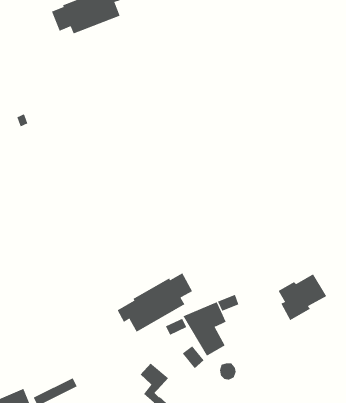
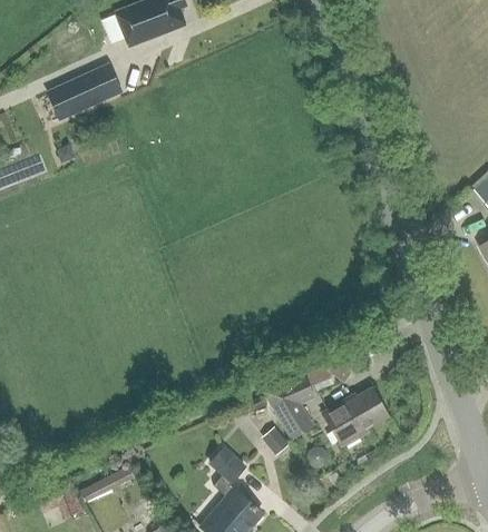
building: none -> [48,62,126,120]
building: [117,272,193,332] -> none
building: [278,273,327,321] -> [328,387,388,445]

